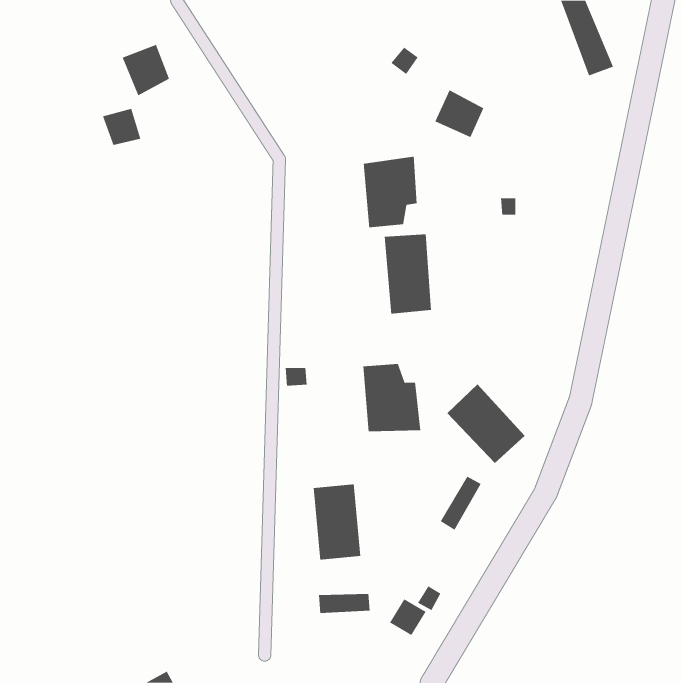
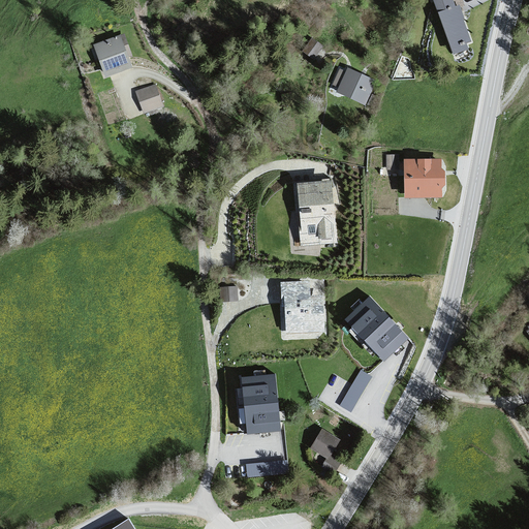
building: [102,108,141,146] -> [132,86,162,115]
building: [363,156,417,228] -> none
building: none -> [406,160,443,197]
building: [389,598,426,636] -> [310,429,339,458]

